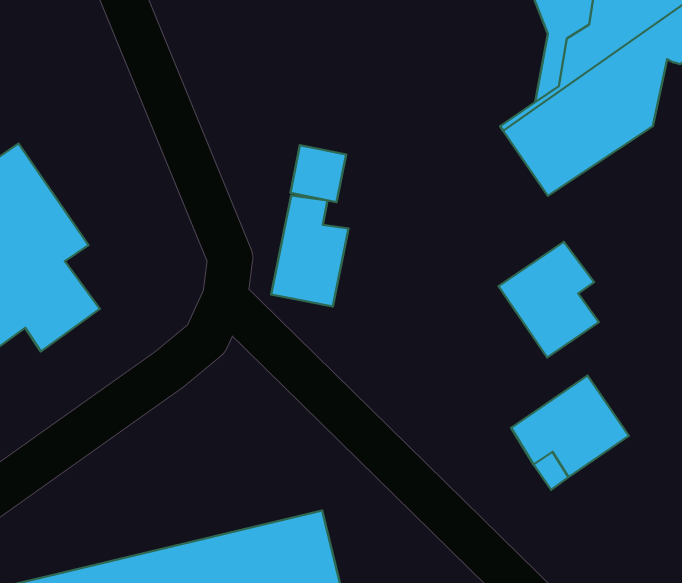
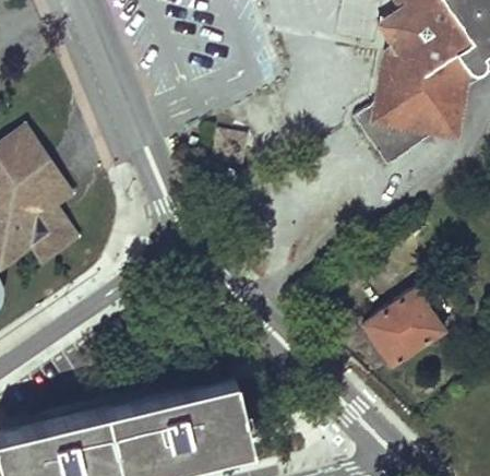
building: [271,196,348,307] -> none
building: [498,242,599,357] -> none

